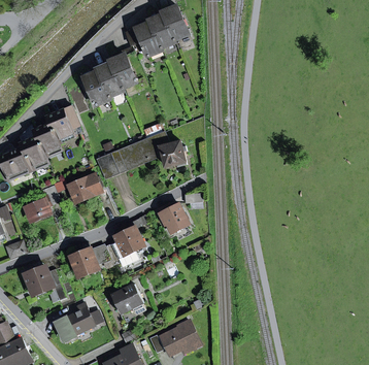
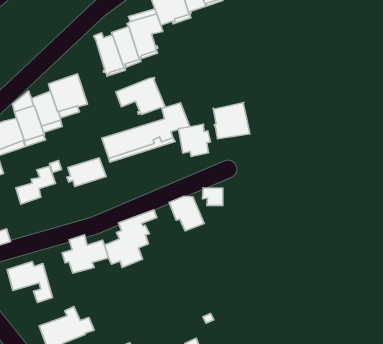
building: none -> [116,77,165,115]
building: none -> [213,102,250,139]
building: [111,284,144,313] -> none

